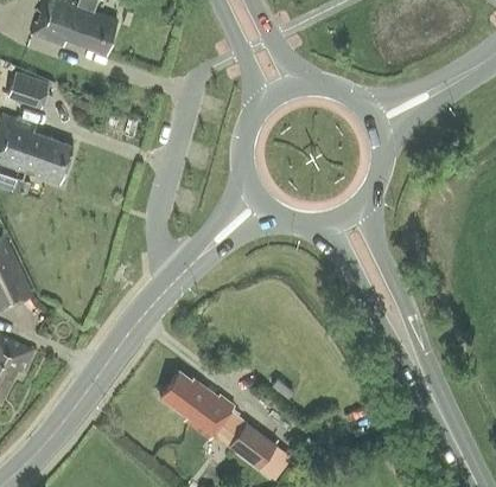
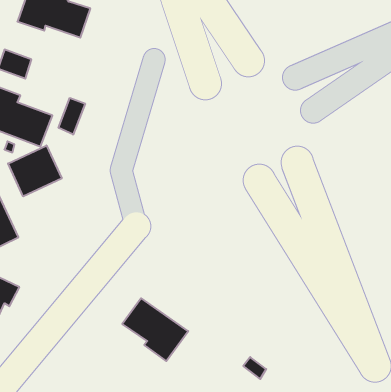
building: none -> [59,98,85,135]
building: none -> [8,145,62,196]
building: [228,423,274,468] -> none

